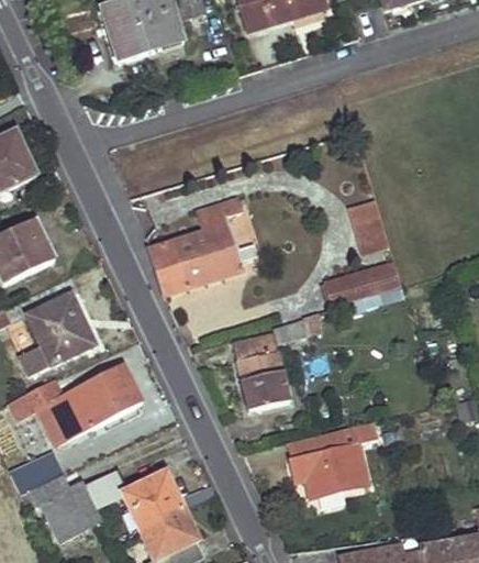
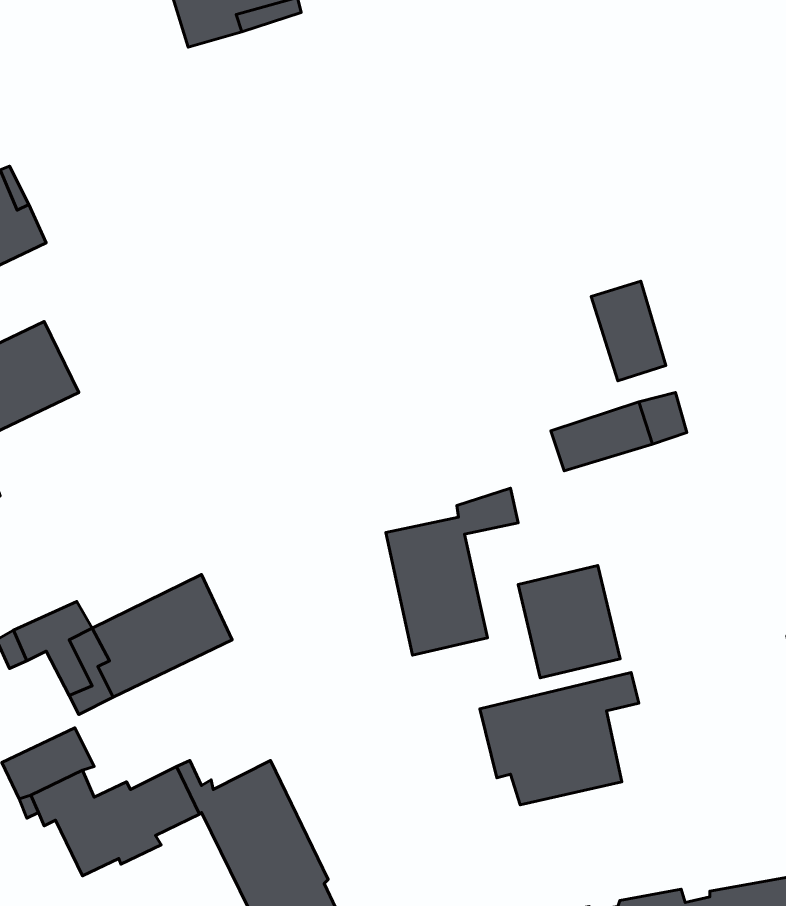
building: [147,197,243,296] -> none
building: [22,292,94,372] -> none
building: none -> [518,565,620,678]

